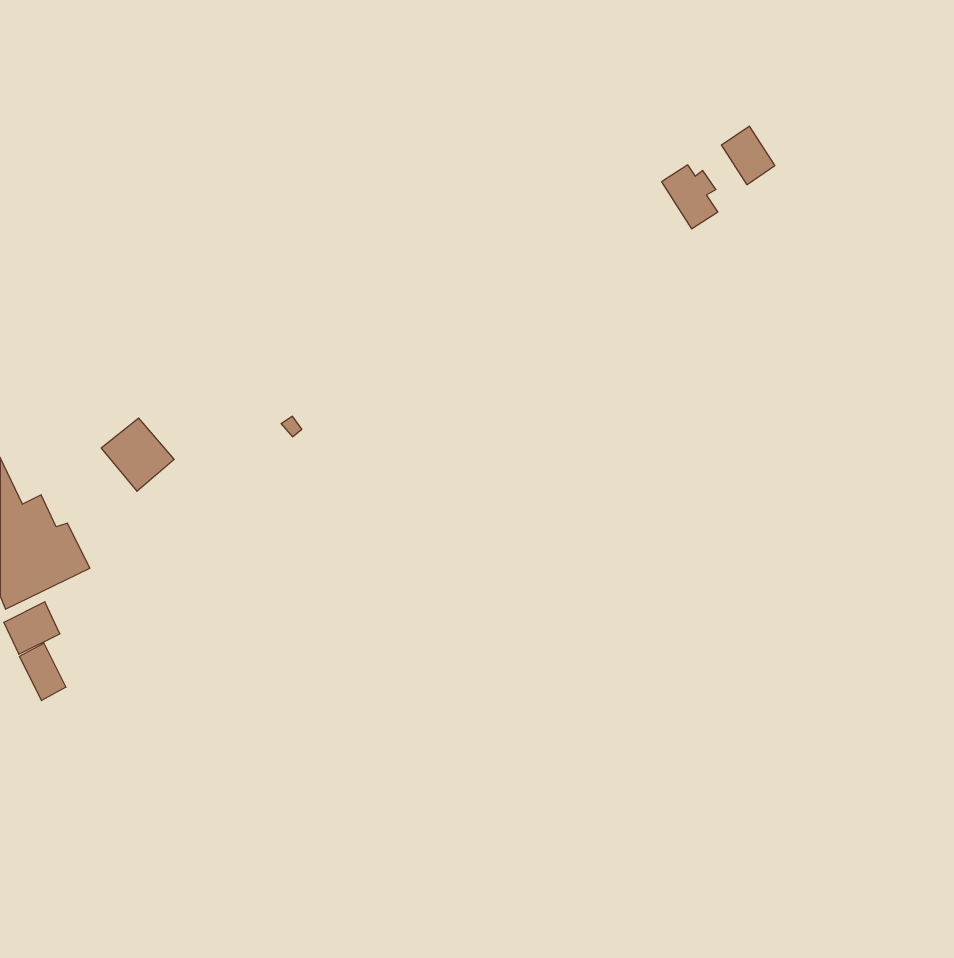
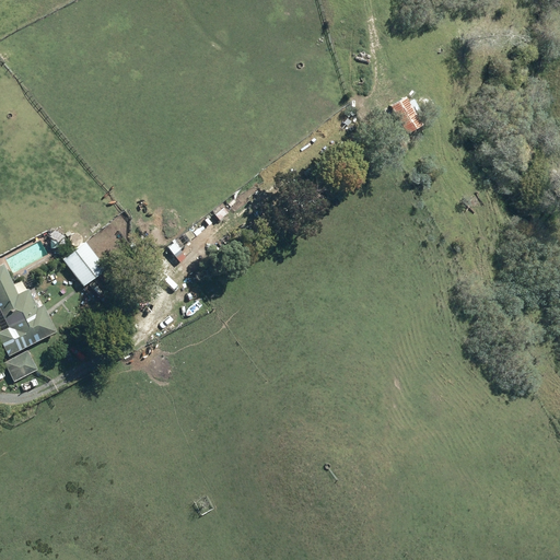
building: [721,126,775,185] -> none
building: [19,643,66,701] -> none

